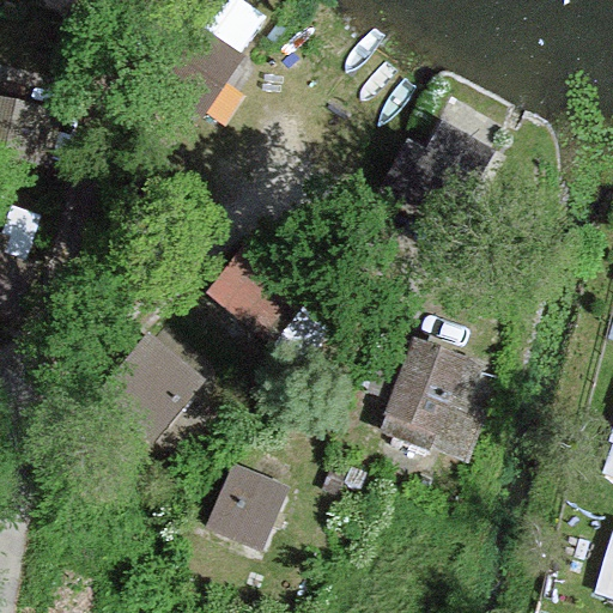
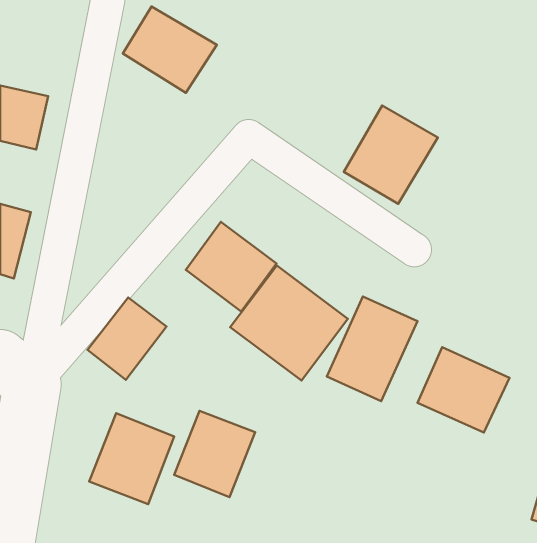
building: none -> [230,265,348,380]
building: none -> [418,347,509,433]
building: none -> [89,413,174,504]

